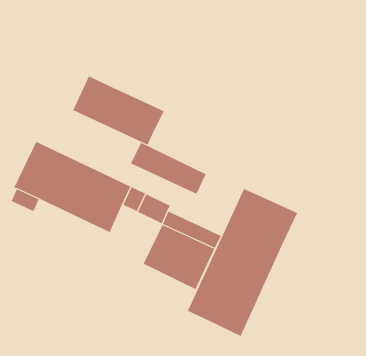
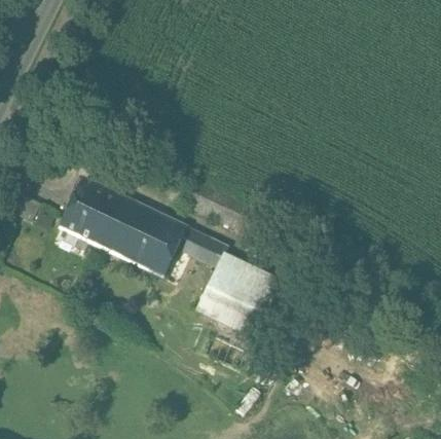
building: [73,75,165,145] -> none
building: [187,188,298,337] -> none

